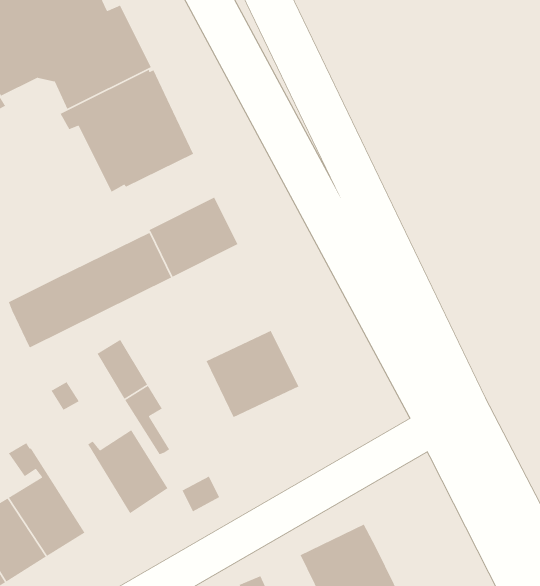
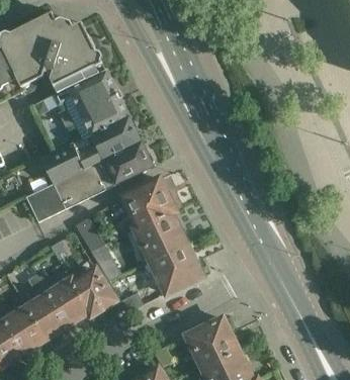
building: none -> [40,115,140,183]
building: none -> [123,177,174,228]
building: none -> [150,243,201,292]
building: none -> [38,270,93,322]

